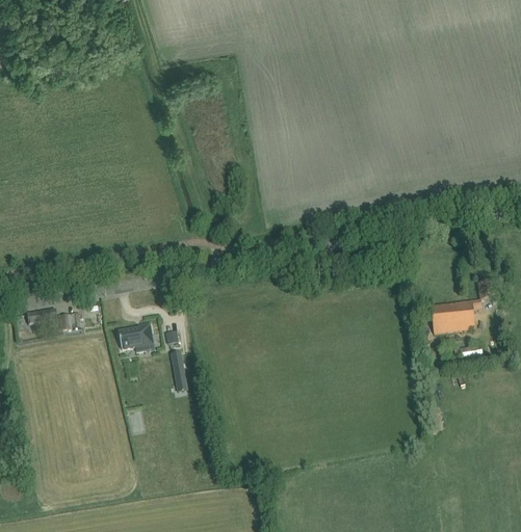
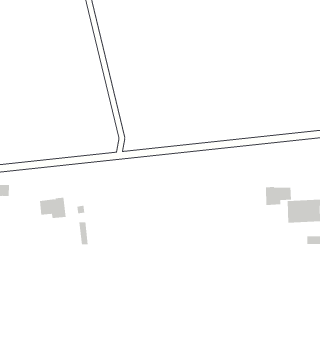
building: none -> [265,186,292,206]

